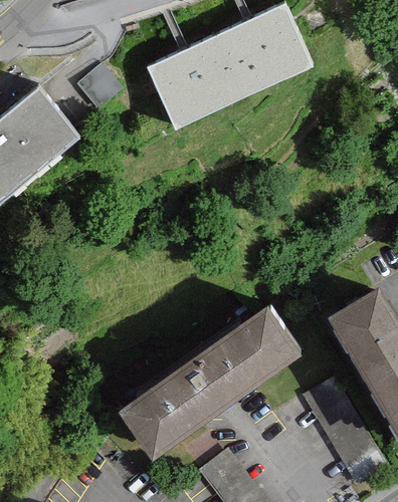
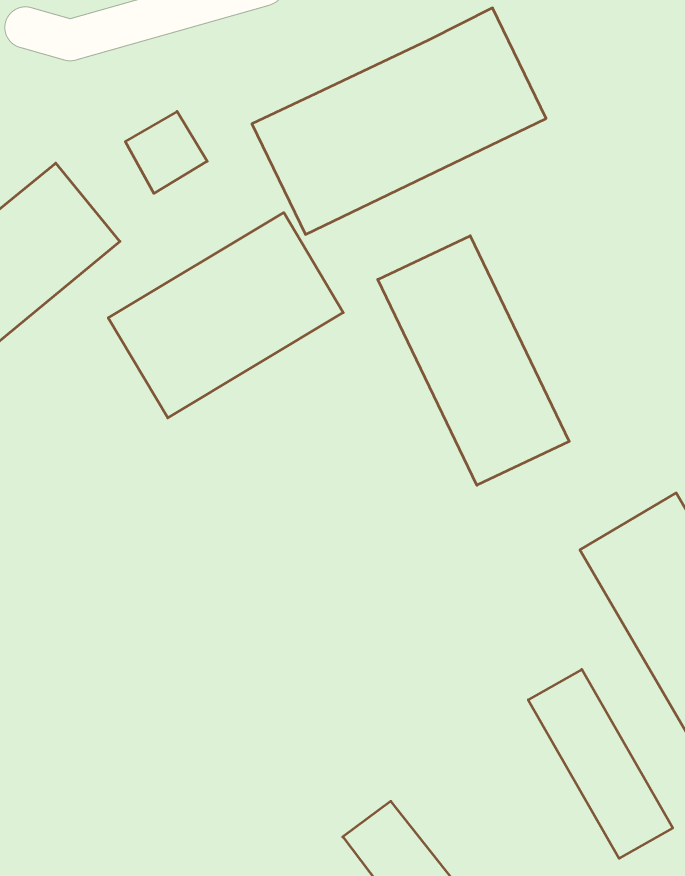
building: none -> [108,213,343,418]
building: none -> [378,236,569,485]
building: [119,298,307,456] -> none

